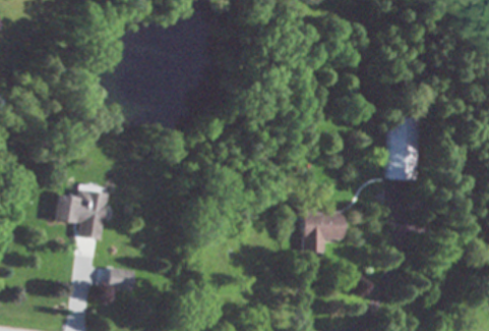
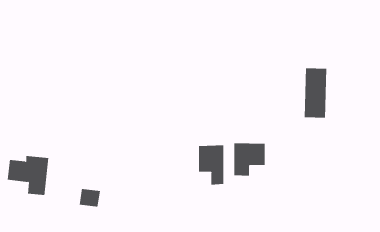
building: [53,189,106,239] -> [7,156,49,195]
building: none -> [199,144,224,186]

